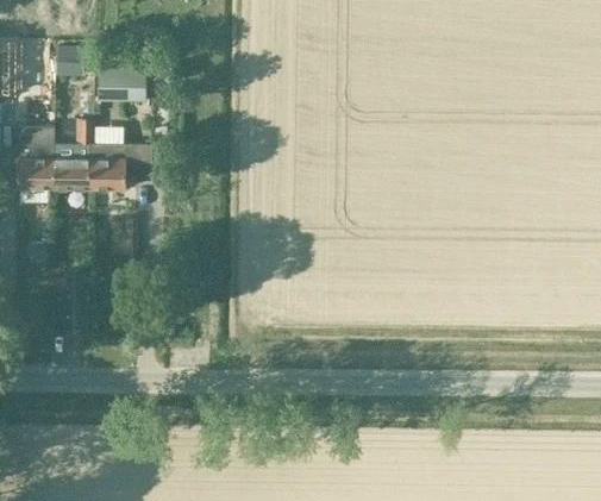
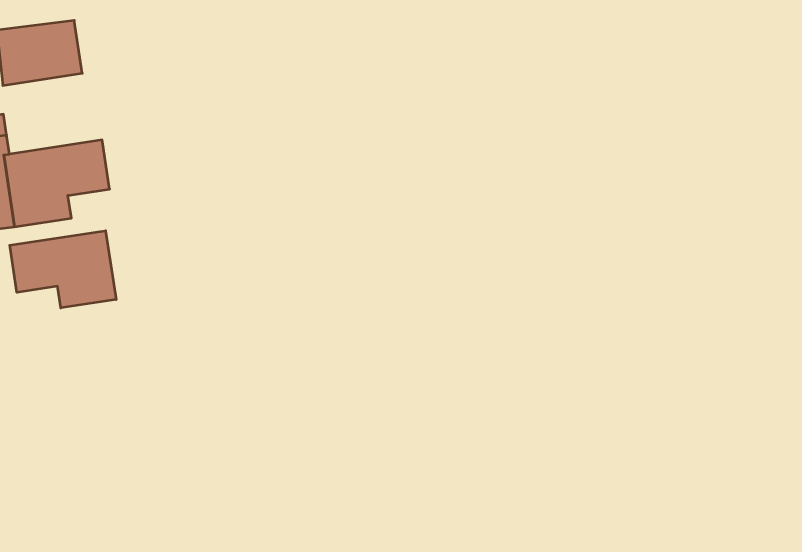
building: none -> [10,231,116,308]

